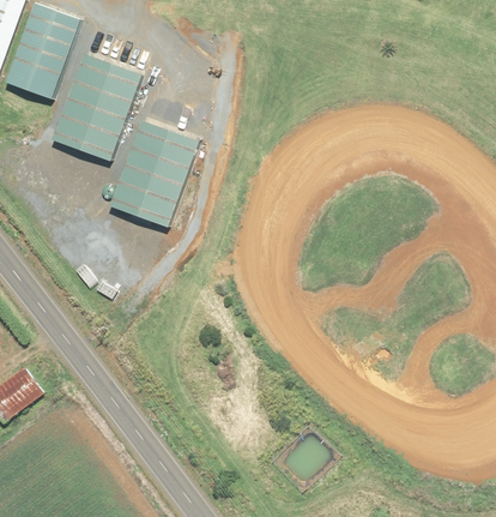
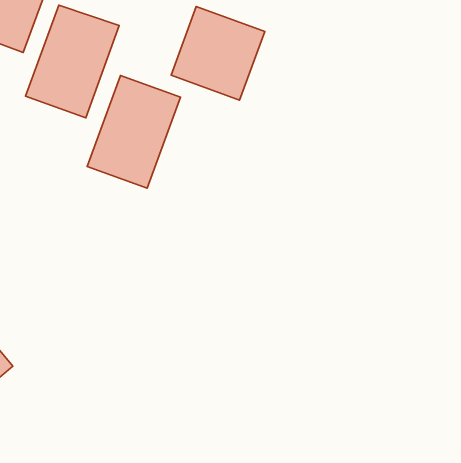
building: none -> [171,6,265,100]

